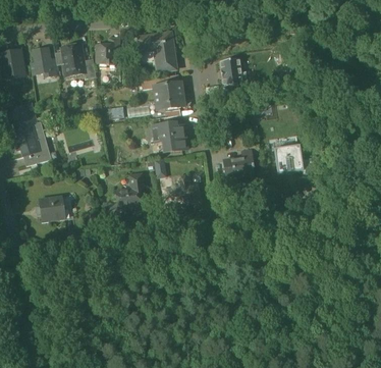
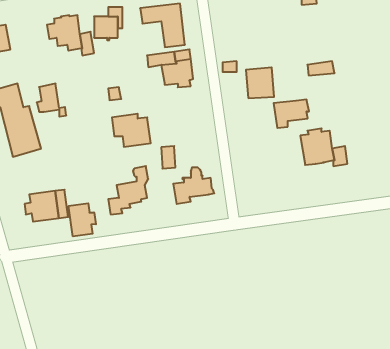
building: [31,48,56,76] -> [37,84,66,117]
building: [221,56,246,83] -> [246,67,274,98]
building: [153,122,186,151] -> [112,114,151,147]
building: [223,156,254,180] -> [274,100,309,128]
building: none -> [69,203,96,236]

